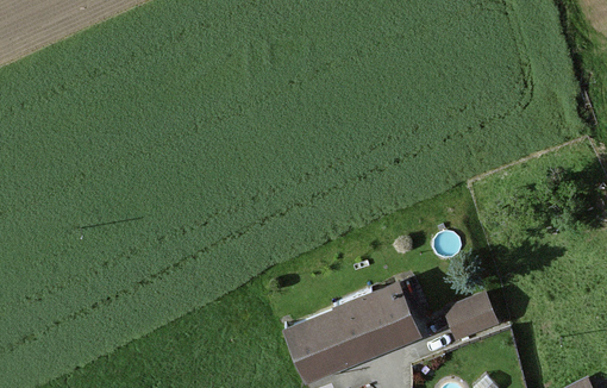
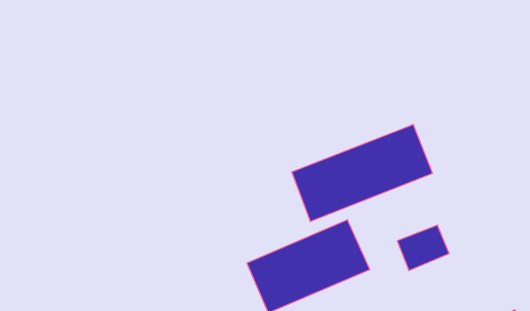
building: none -> [292,124,433,222]

